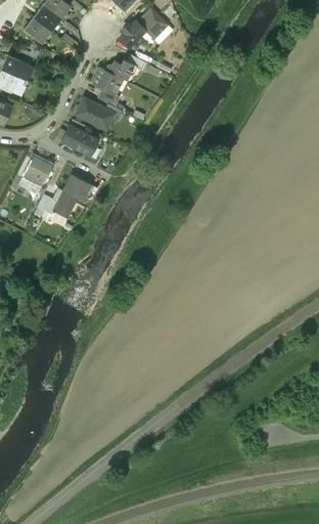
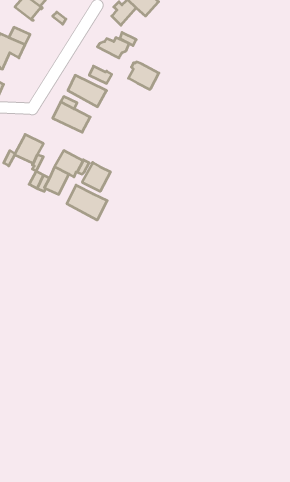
building: [92,68,123,95] -> [128,62,159,89]
building: none -> [82,162,110,191]
building: none -> [67,185,107,220]

